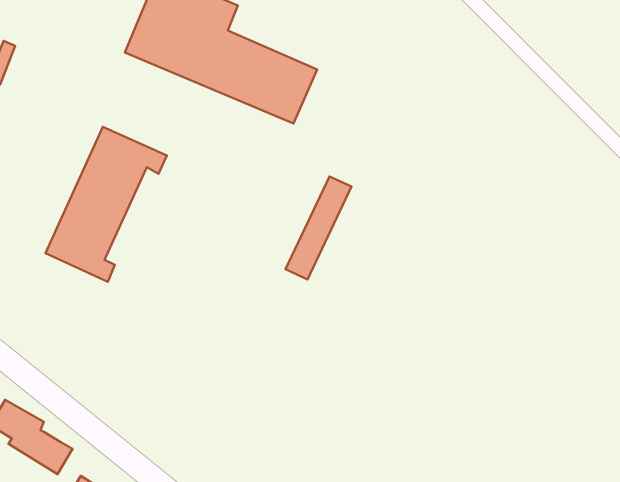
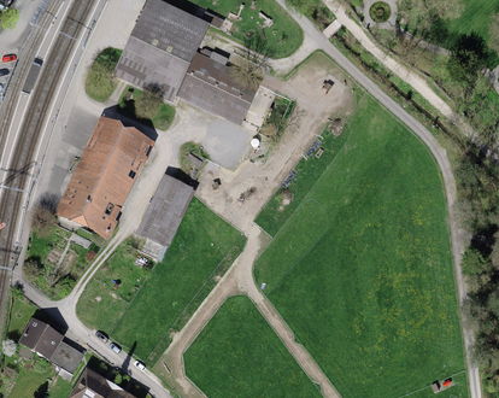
building: [286,177,351,279] -> [141,182,188,256]

